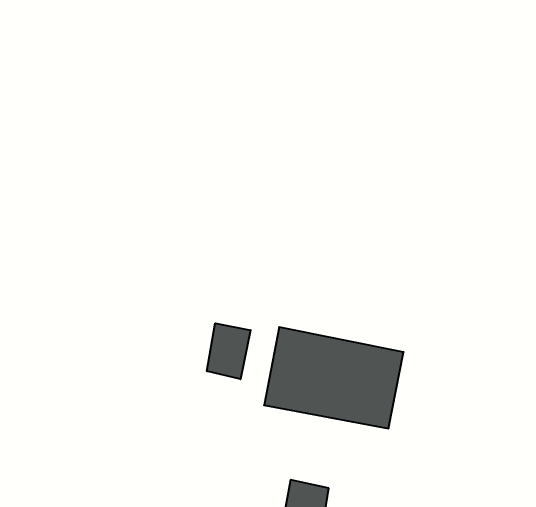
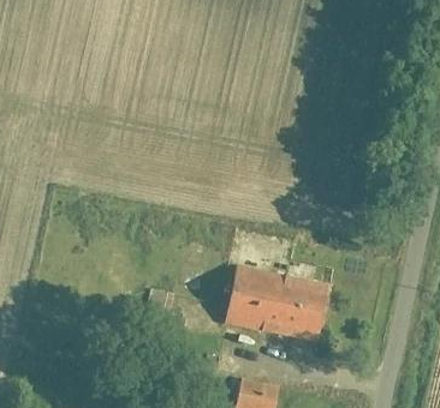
building: [207,323,251,379] -> none

